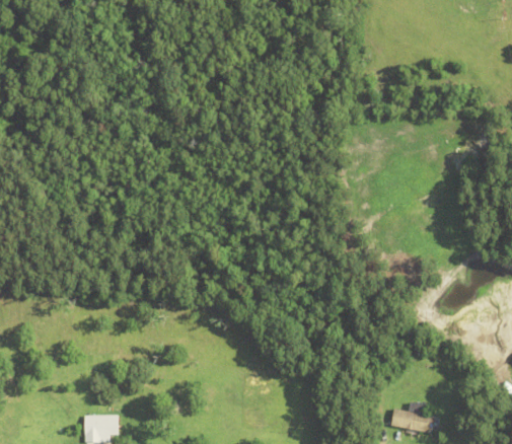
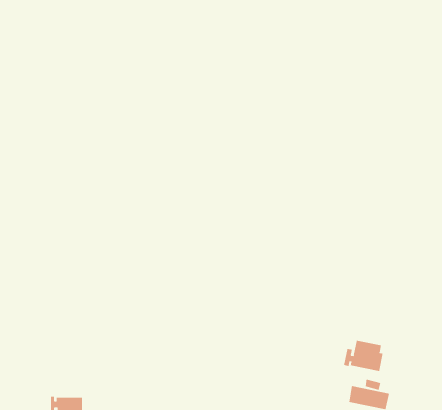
building: none -> [344,340,383,372]

